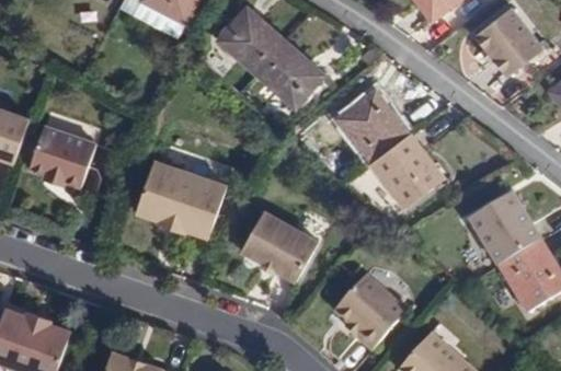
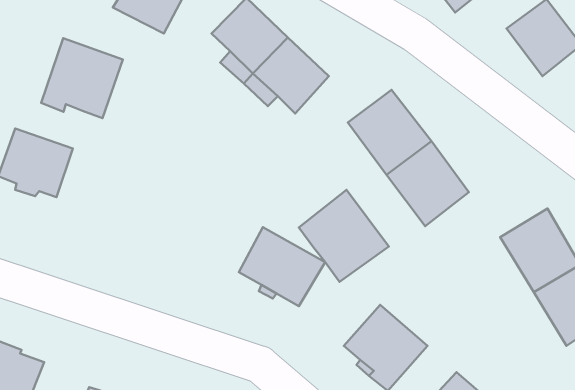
building: none -> [41,38,123,118]
building: [137,158,225,233] -> none
building: none -> [299,190,389,282]

